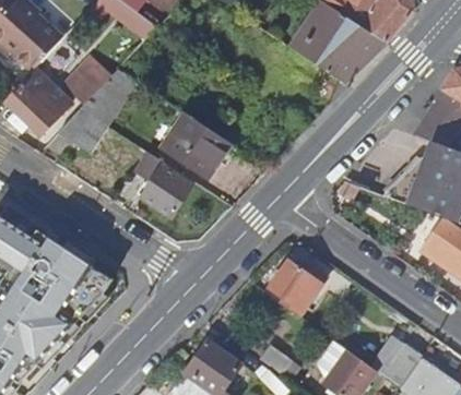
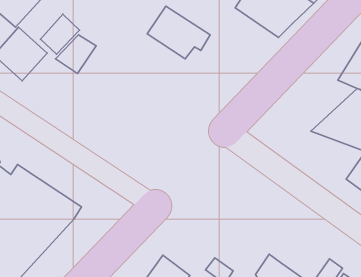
building: [57,107,106,152] -> none
building: [162,112,236,175] -> [147,6,210,59]
building: [140,151,191,212] -> none
building: [268,258,326,313] -> none

